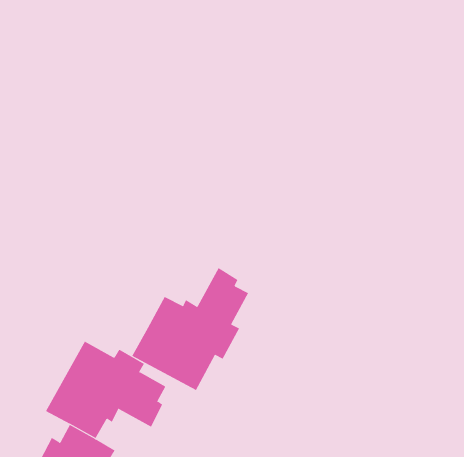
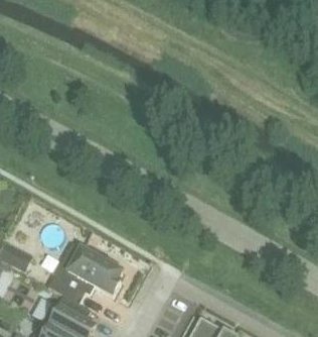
building: [132,267,249,391] -> none

